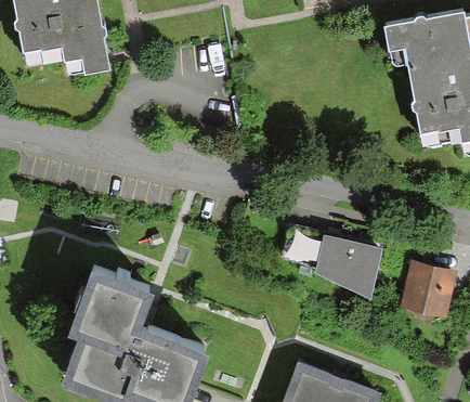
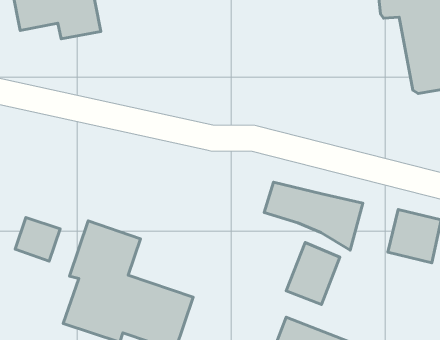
building: none -> [15,217,60,261]
building: none -> [286,243,340,304]

